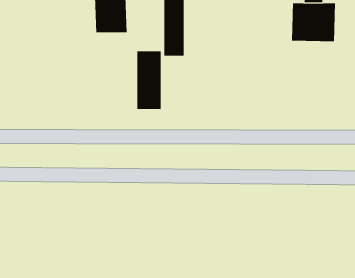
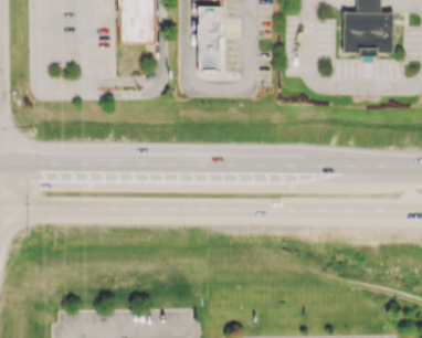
building: [137,50,161,110] -> none

